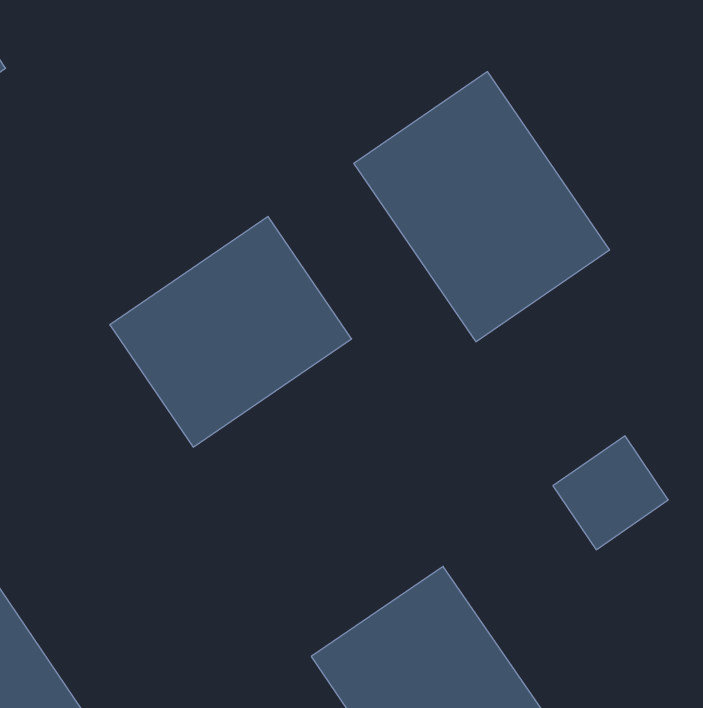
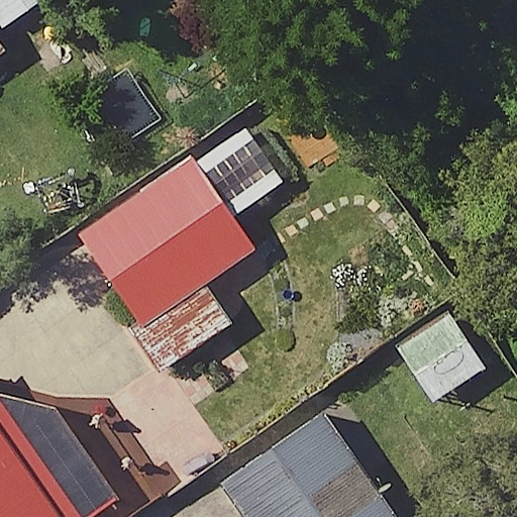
building: [354,72,610,342] -> none

